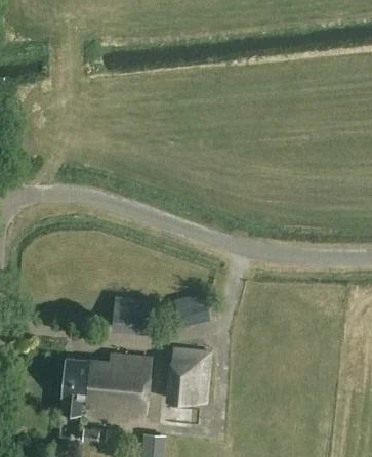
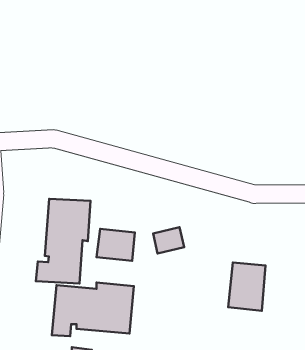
building: none -> [36,199,91,283]
building: [168,350,210,405] -> [228,263,265,311]

